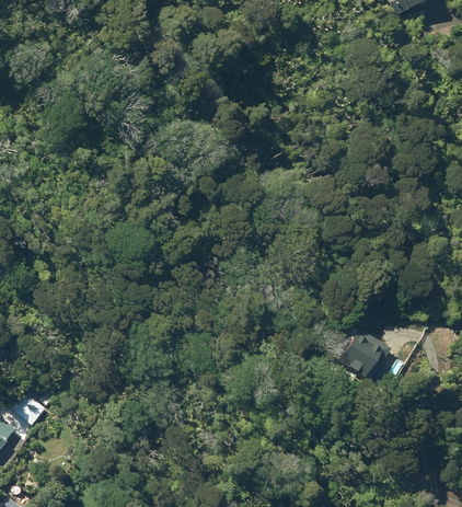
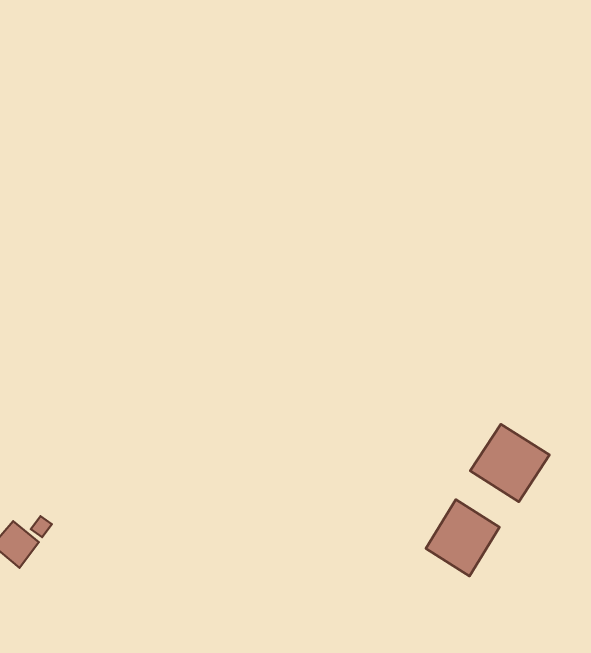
building: none -> [426,499,500,576]

